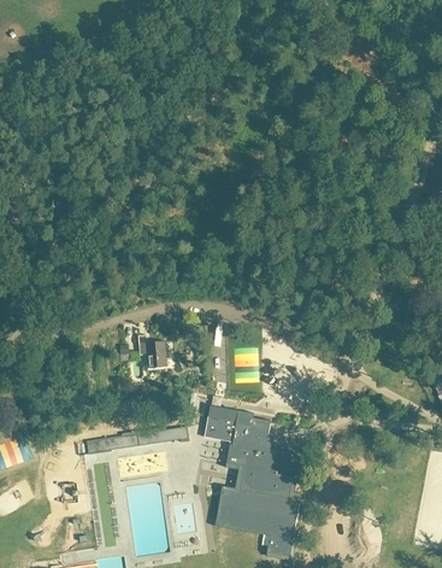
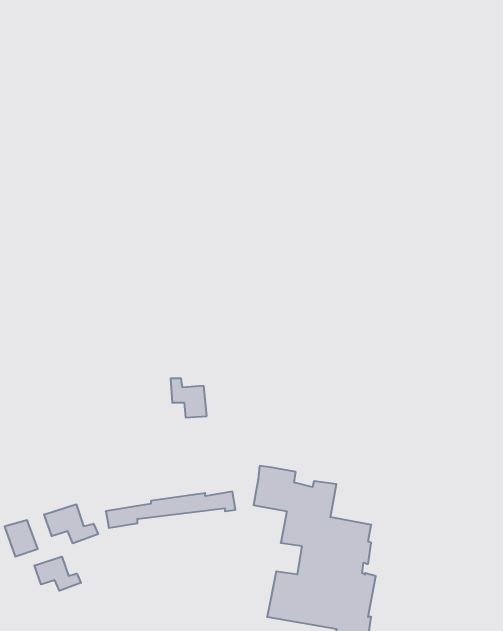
building: none -> [44,504,98,543]
building: none -> [34,557,81,591]

